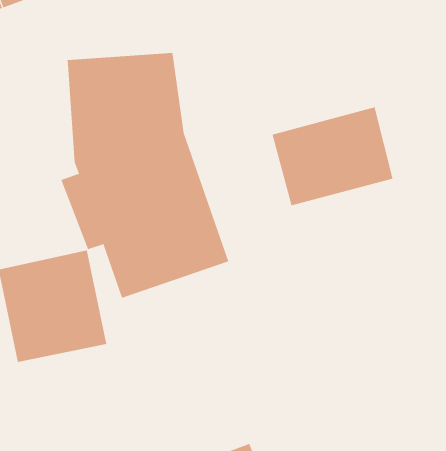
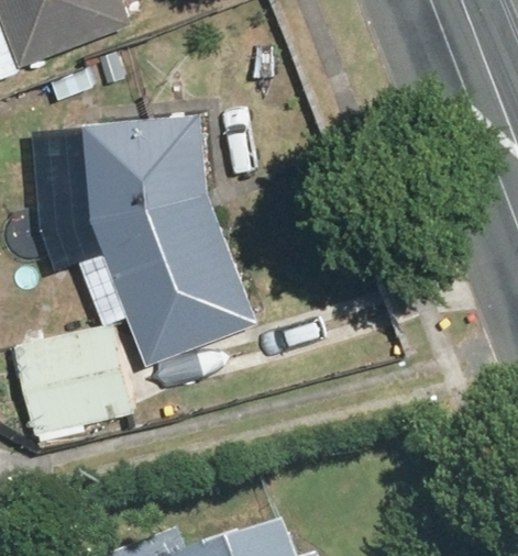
building: [272,107,393,206] -> none

